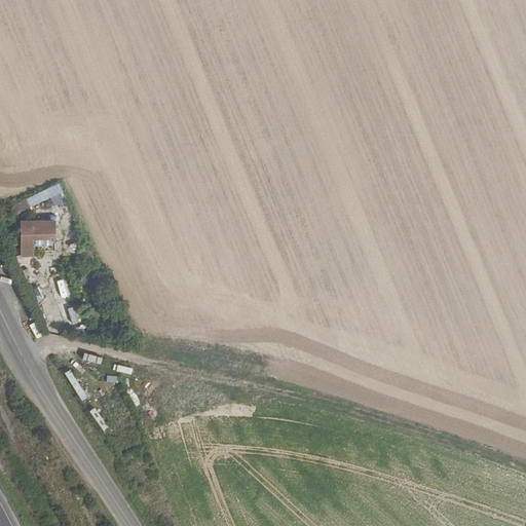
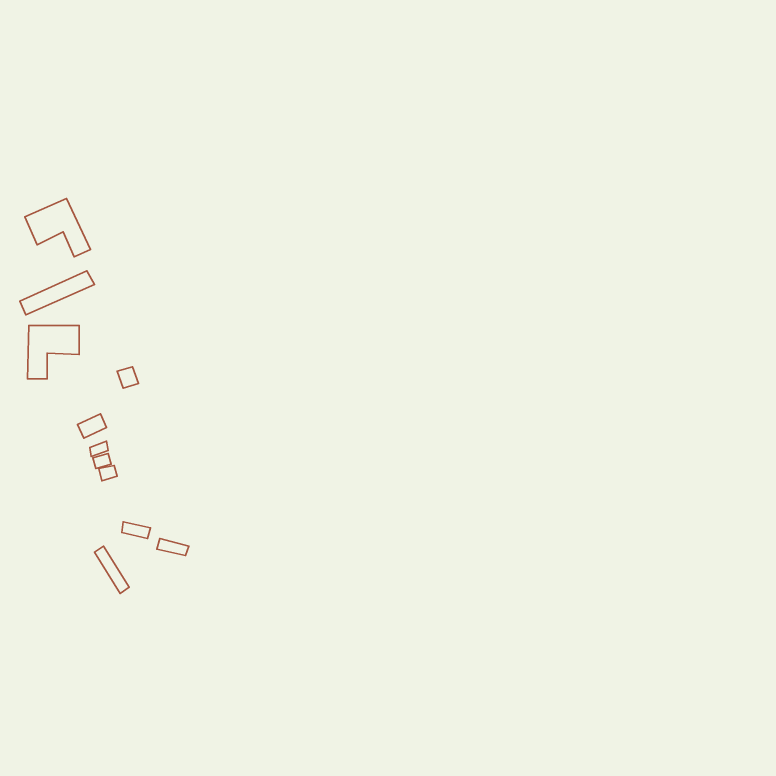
building: none -> [25,199,91,257]

